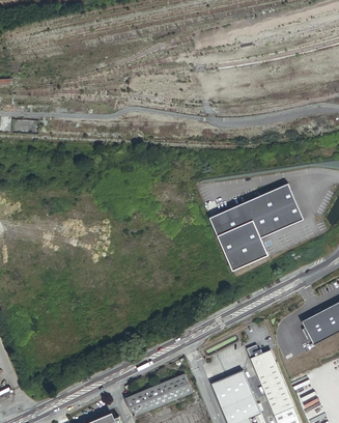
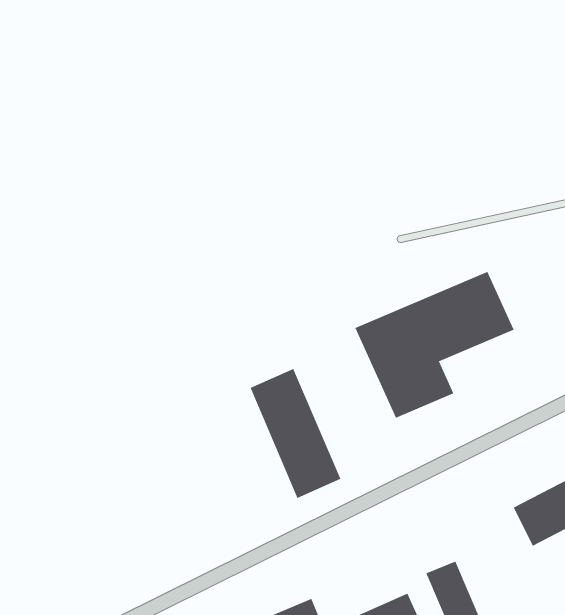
building: none -> [250,368,341,499]

